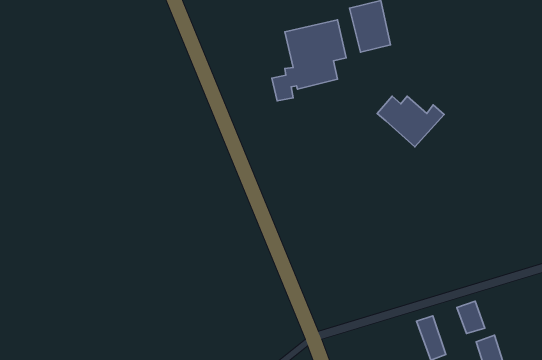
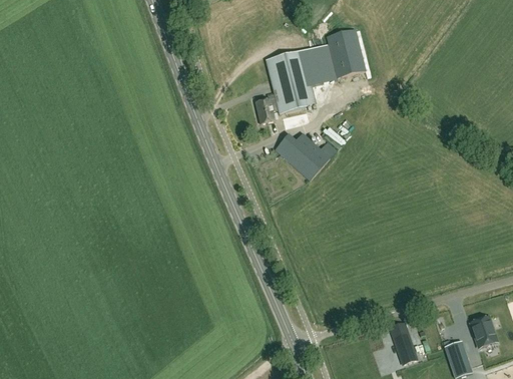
building: [377,96,444,147] -> [275,132,337,179]
building: [457,301,485,334] -> [471,316,497,346]

